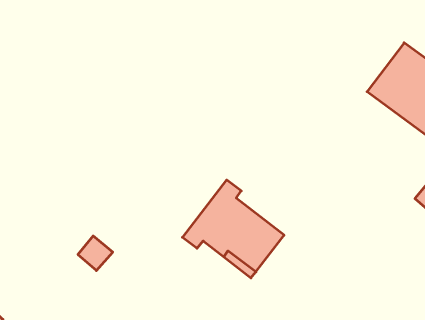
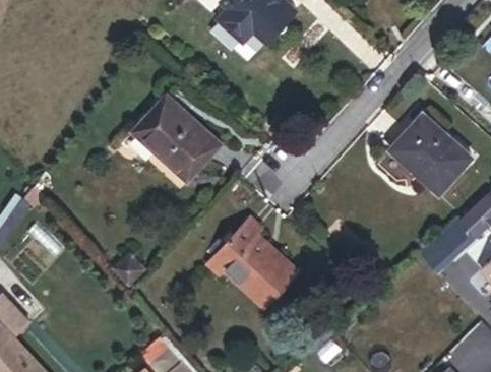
building: none -> [127,96,219,185]

